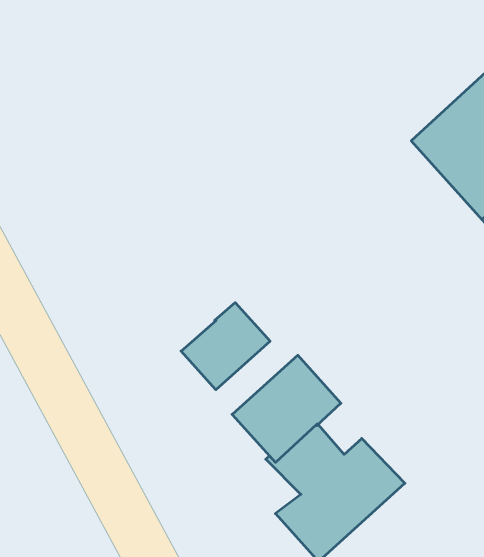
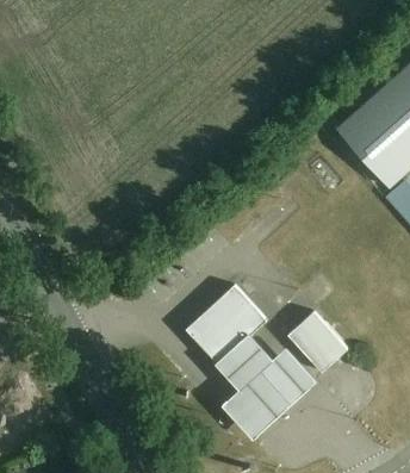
building: [181,303,270,390] -> none
building: none -> [292,312,352,373]

